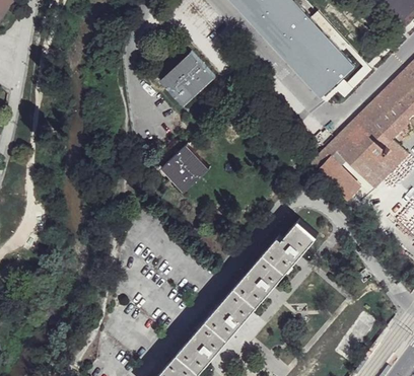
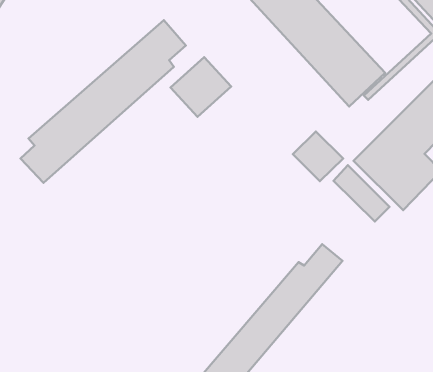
building: none -> [21,20,186,183]
building: none -> [293,132,343,181]
building: [161,145,210,194] -> none

